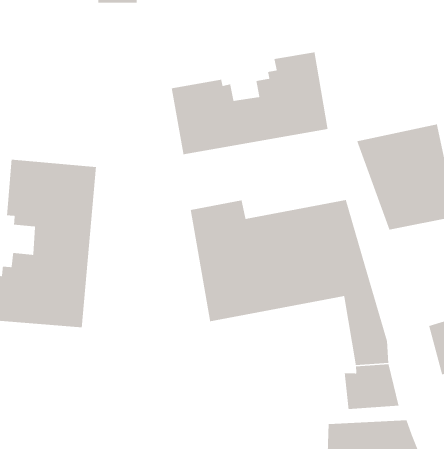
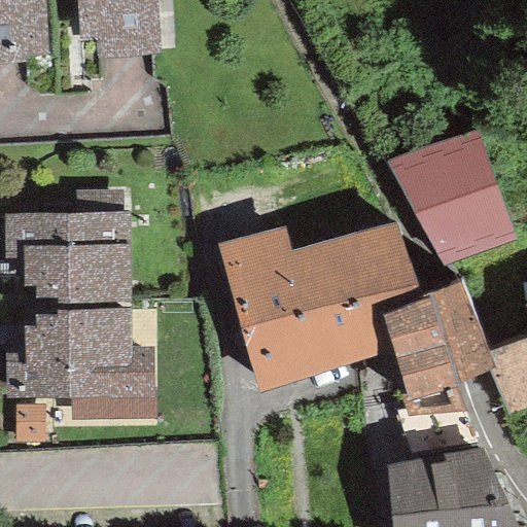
building: [171,51,328,155] -> none
building: none -> [417,279,489,371]

